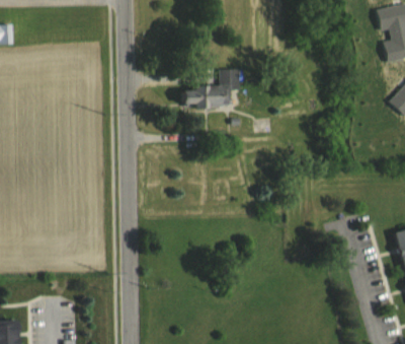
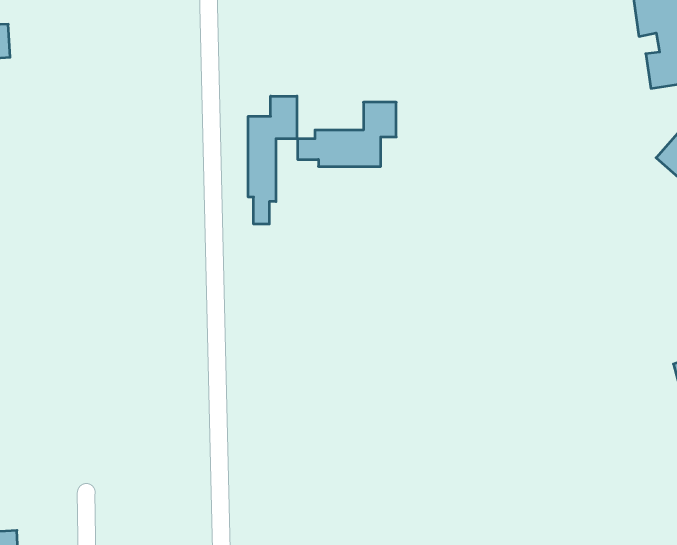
building: none -> [248,96,297,224]

